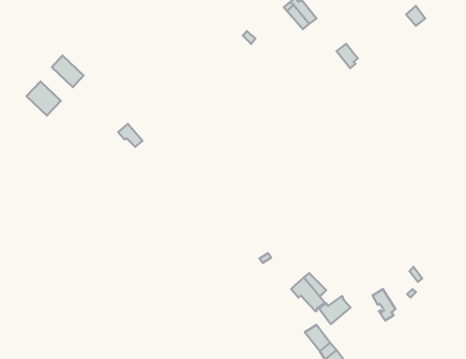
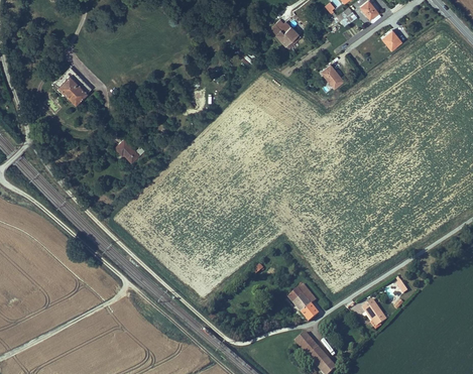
building: [26,82,61,115] -> none
building: [319,296,351,324] -> none

